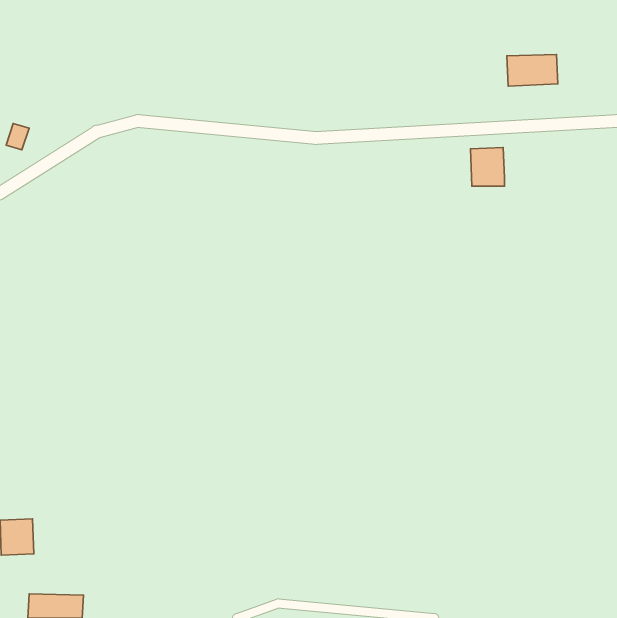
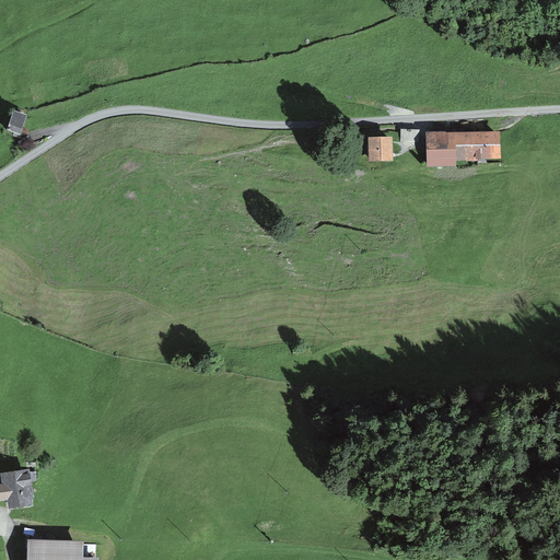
building: [507,55,558,86] -> [455,132,501,161]
building: none -> [368,137,393,162]

